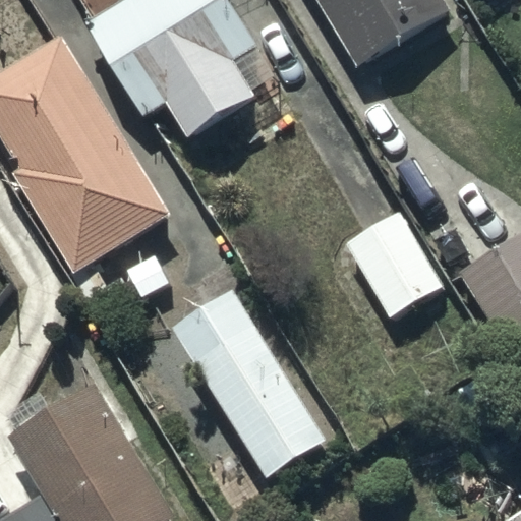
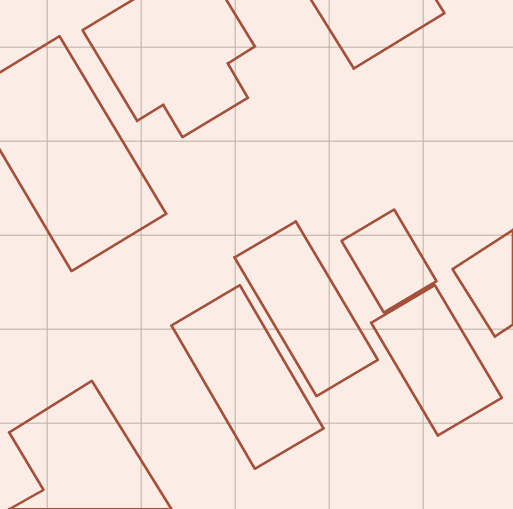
building: none -> [234,221,378,396]
building: none -> [371,285,502,436]

